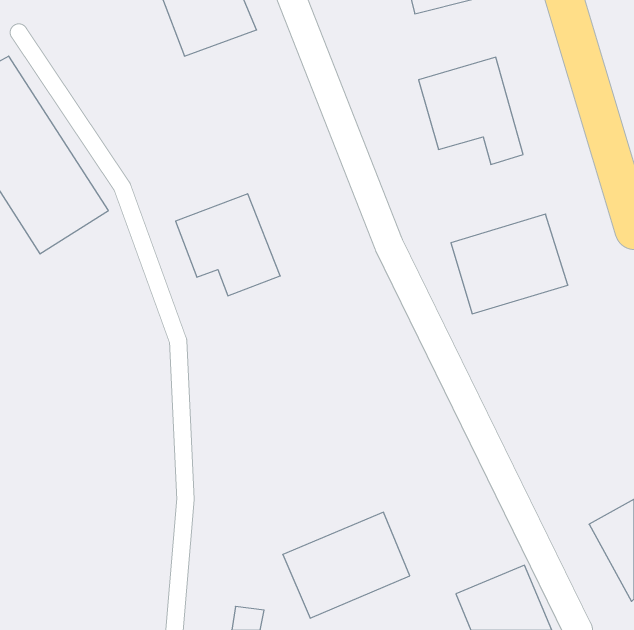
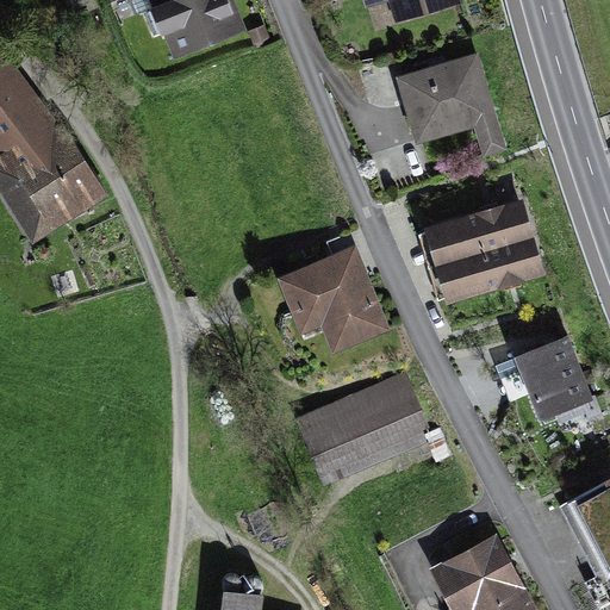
building: [176,194,280,296] -> [284,250,384,348]
building: none -> [516,338,595,428]
building: [283,512,410,618] -> [299,376,421,478]

